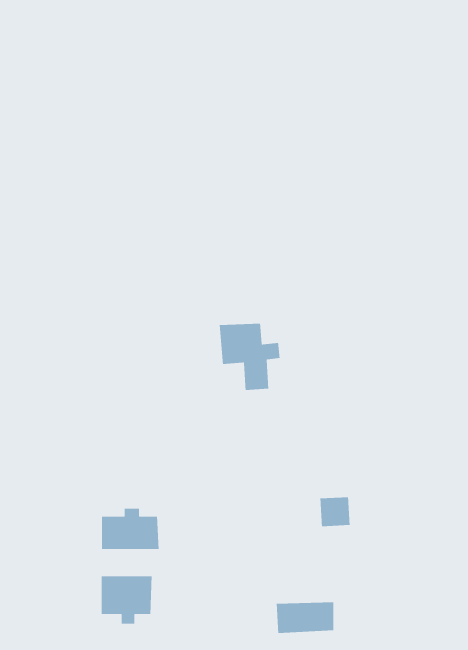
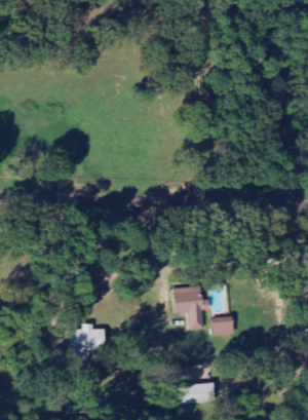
building: [219,323,280,391] -> [170,287,209,330]
building: [101,575,153,624] -> none

